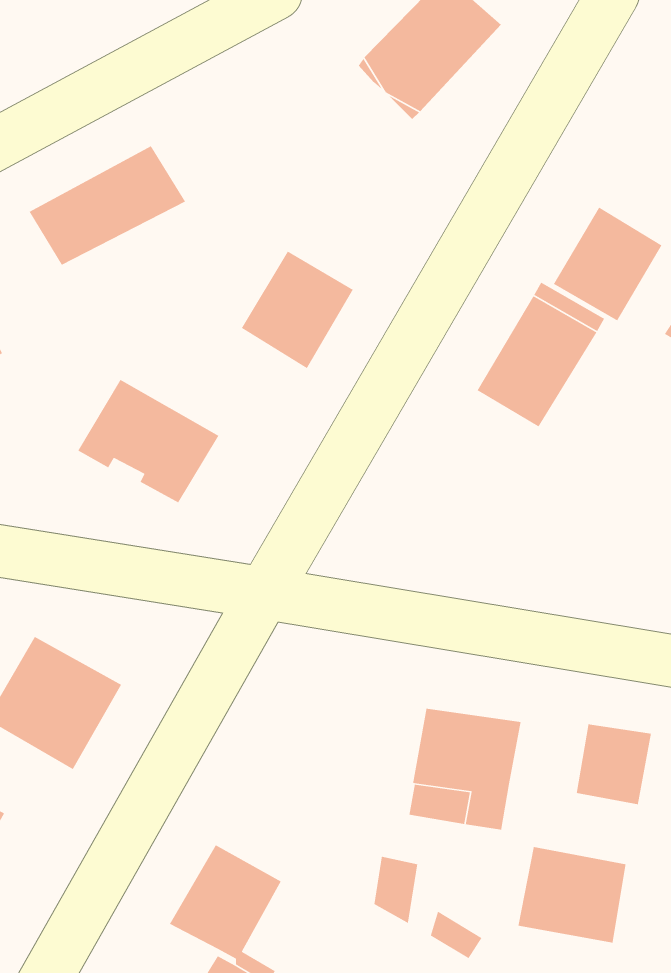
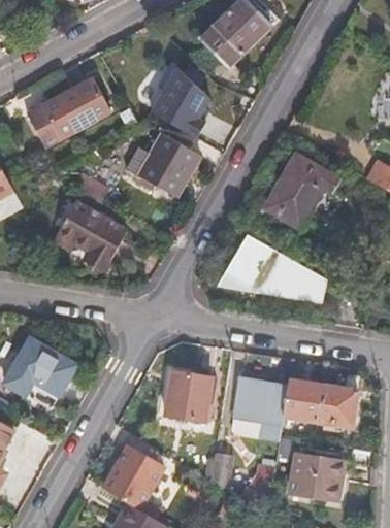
building: none -> [153,64,210,137]
building: [553,207,662,322] -> none
building: none -> [224,237,326,299]
building: none -> [164,370,212,421]
building: none -> [282,378,323,422]

